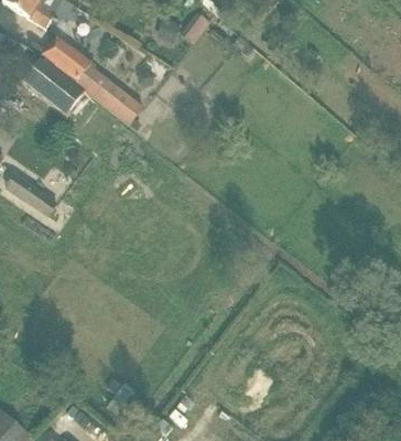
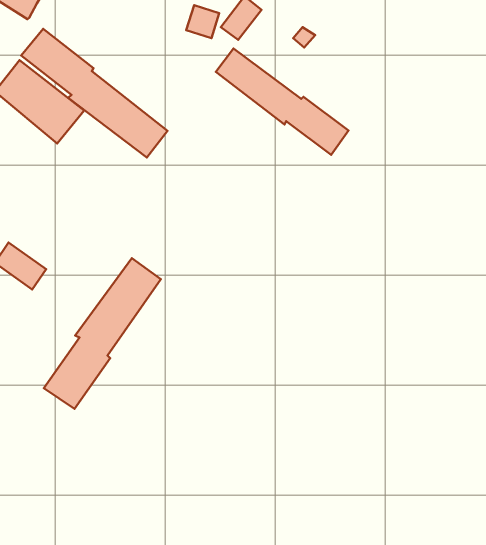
building: none -> [216,49,348,155]
building: none -> [44,258,161,409]

